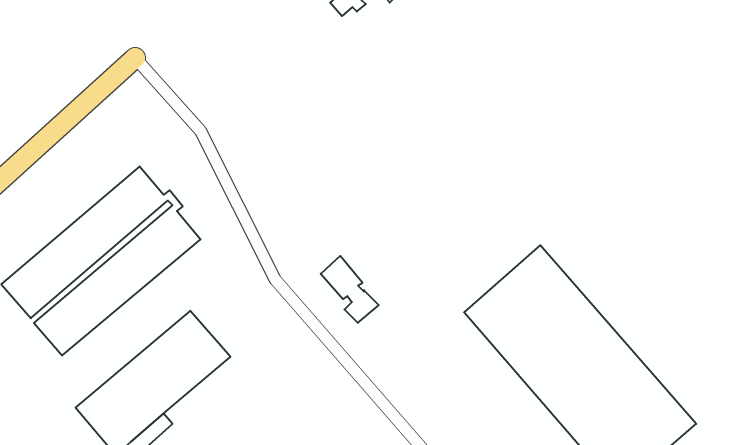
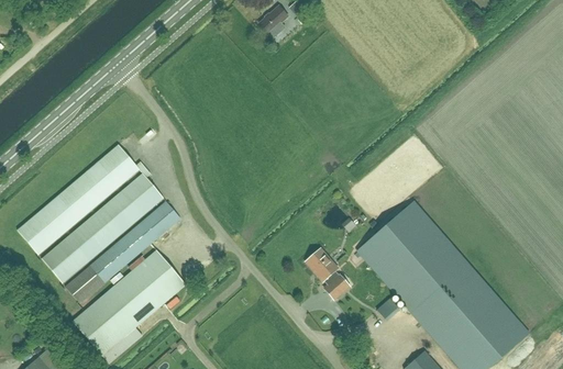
building: none -> [65,200,181,302]
building: [321,256,379,323] -> [307,247,350,297]

